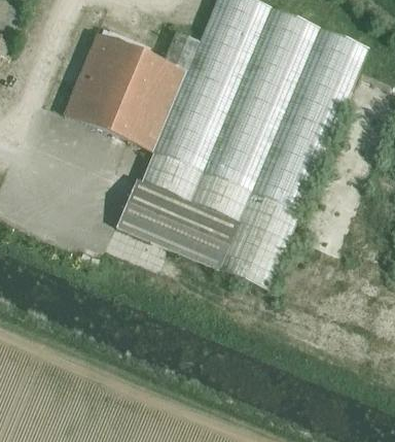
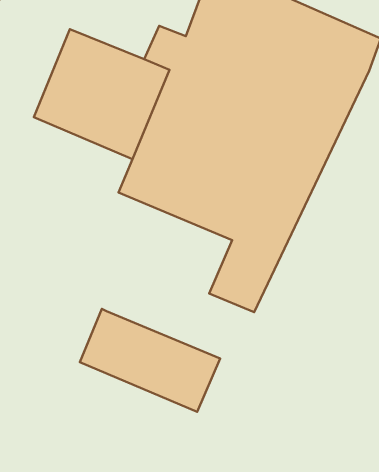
building: [115,179,240,271] -> [80,309,220,412]

